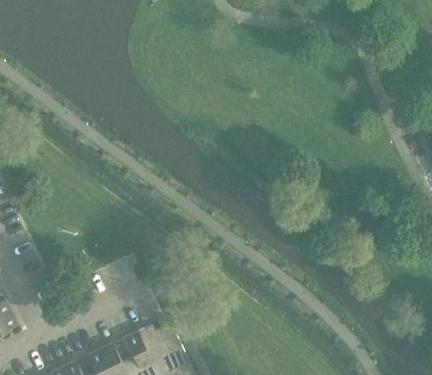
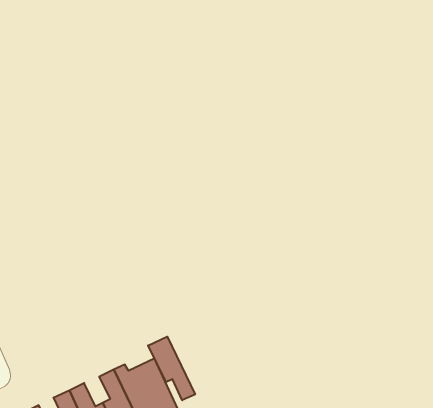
building: none -> [148,337,195,400]

